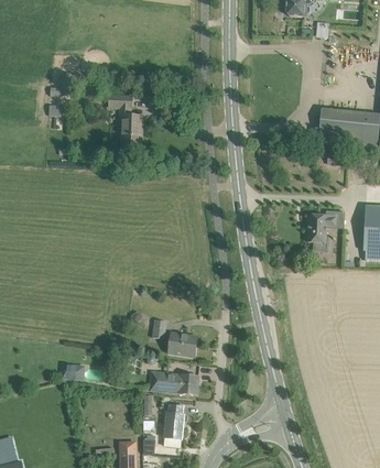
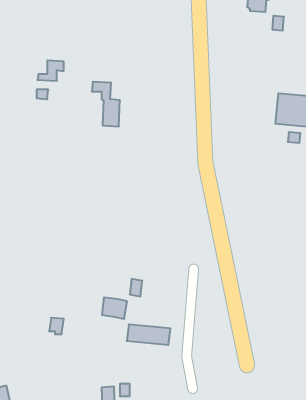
building: [306,210,344,241] -> none
building: [169,331,197,356] -> [102,297,127,319]
building: [164,403,184,438] -> none

